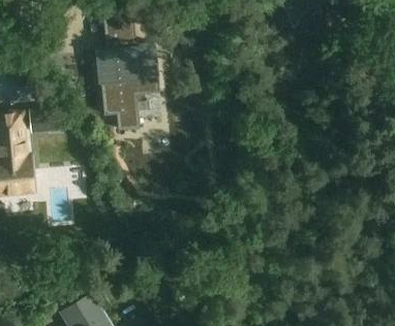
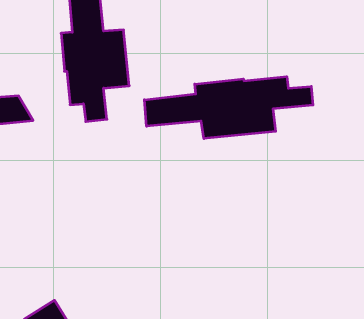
building: none -> [144,77,313,139]

